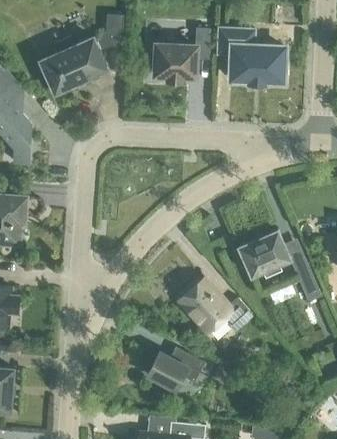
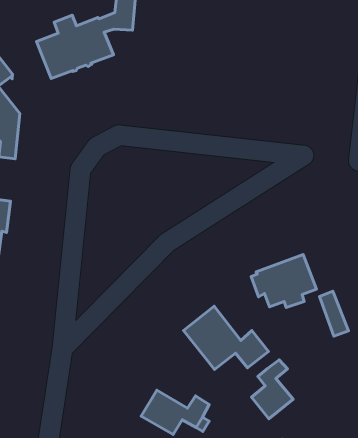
building: [217,28,284,81] -> none
building: [149,29,209,82] -> none
building: none -> [252,360,293,419]

